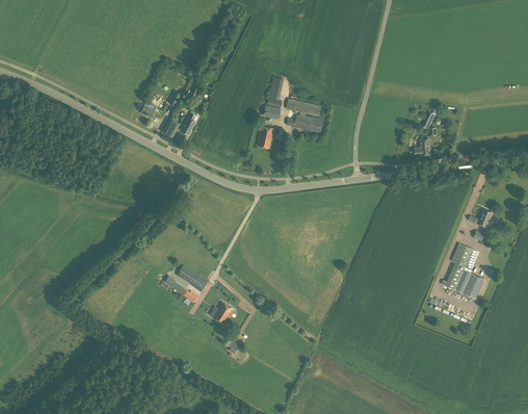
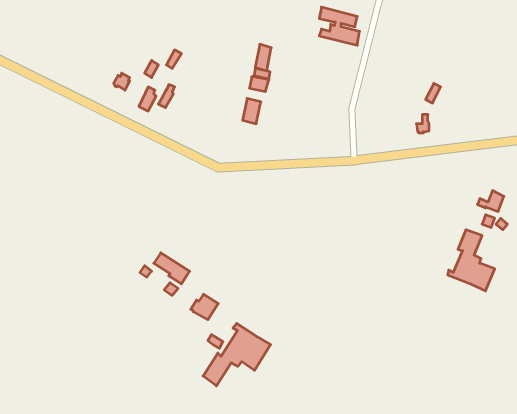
building: [286,98,322,132] -> [319,7,360,45]
building: none -> [203,323,271,386]

